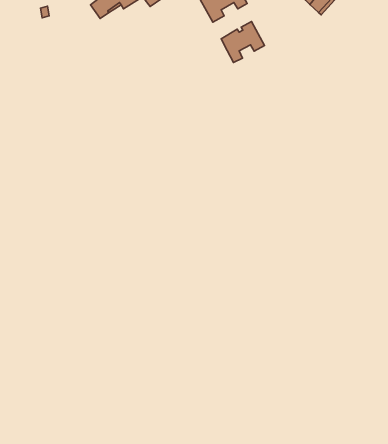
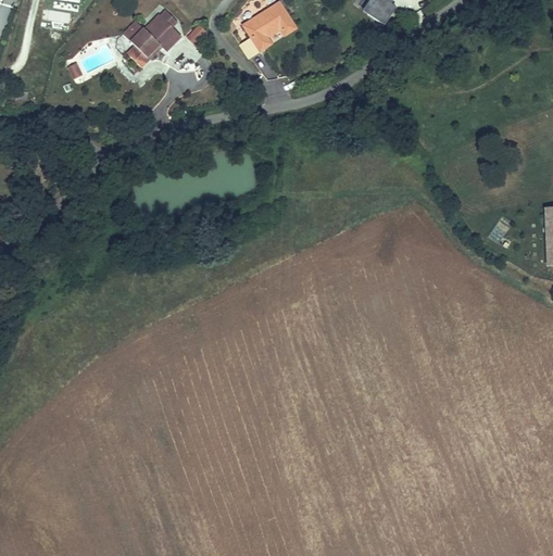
building: [221,21,265,62] -> none

